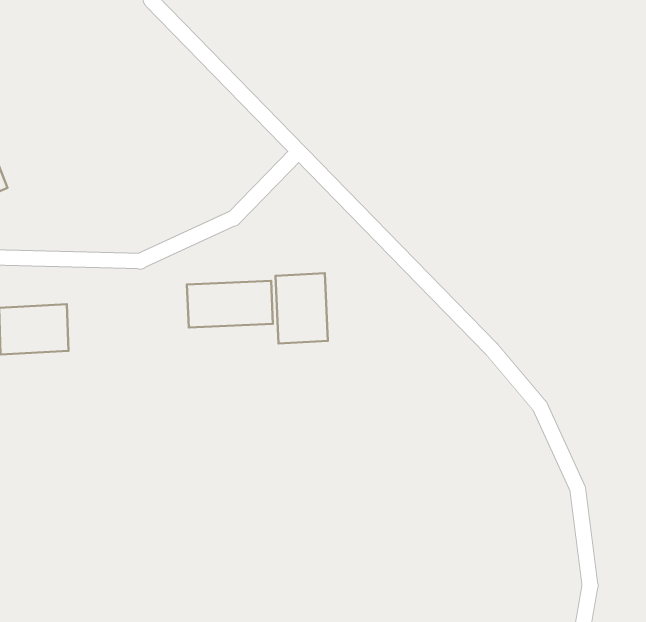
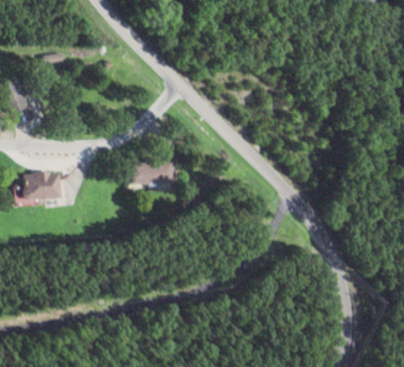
building: [276,273,328,344] -> none

